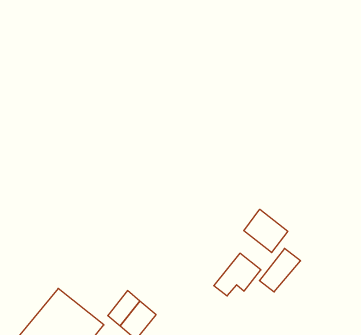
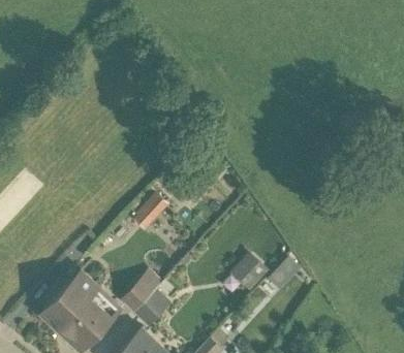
building: none -> [130,191,168,228]
building: [244,209,288,253] -> none

